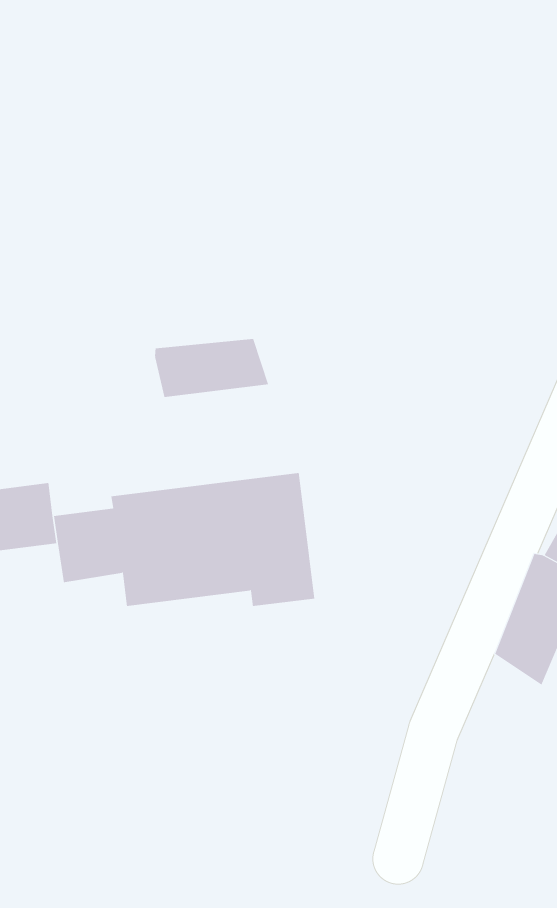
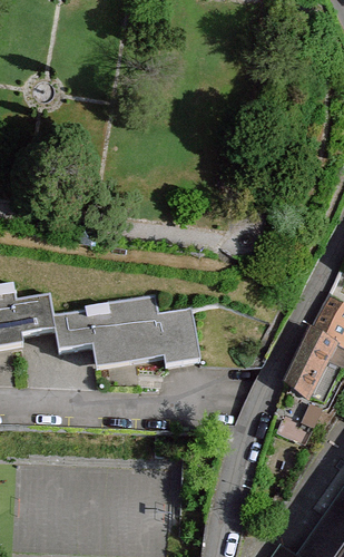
building: [155,338,269,398] -> none

